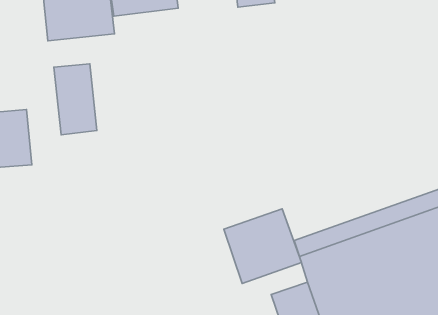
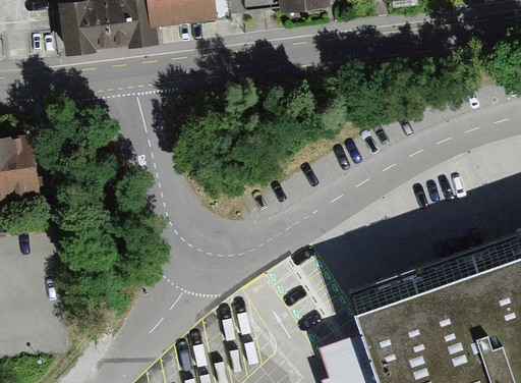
building: [54,64,97,135] -> none
building: [224,209,301,283] -> none

